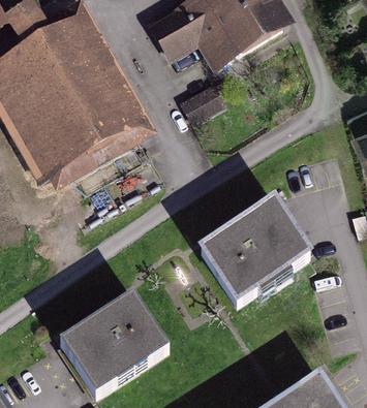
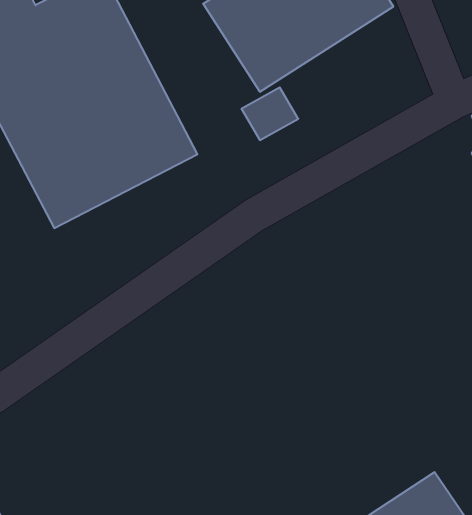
building: [203,196,313,300] -> none
building: [59,290,170,393] -> none

